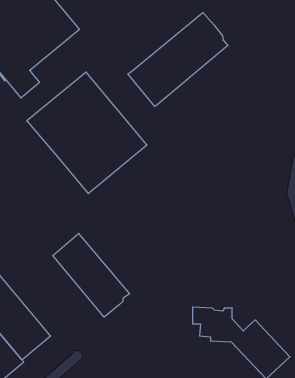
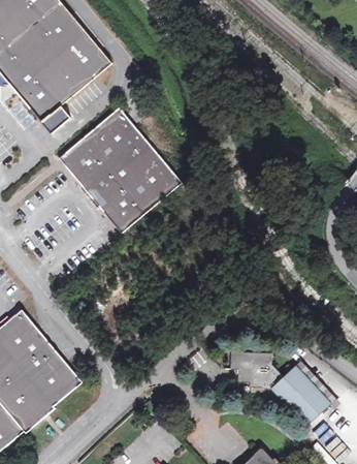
building: [128,13,228,106] -> none
building: [53,233,129,317] -> none

